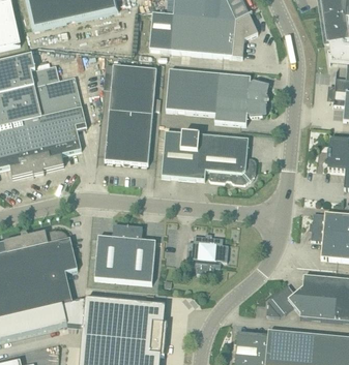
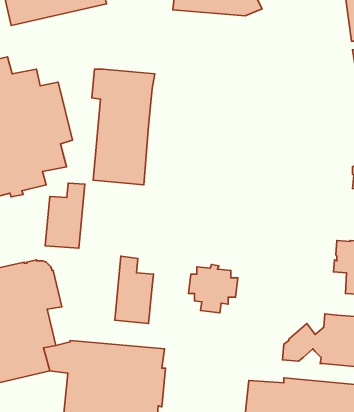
building: [149,11,258,56] -> none
building: [166,68,268,123] -> none
building: [162,130,256,182] -> none
building: [94,223,128,279] -> [45,183,85,248]

